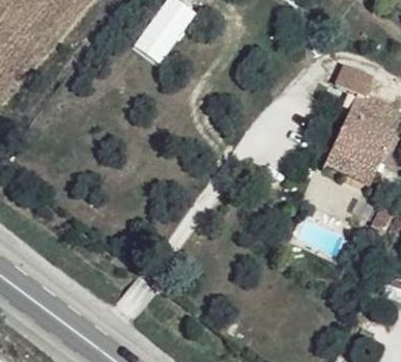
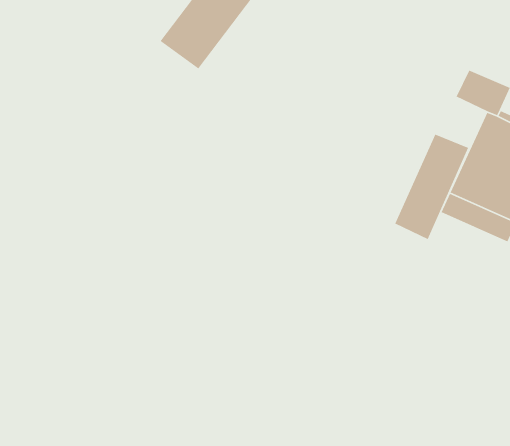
building: none -> [394,133,469,240]

